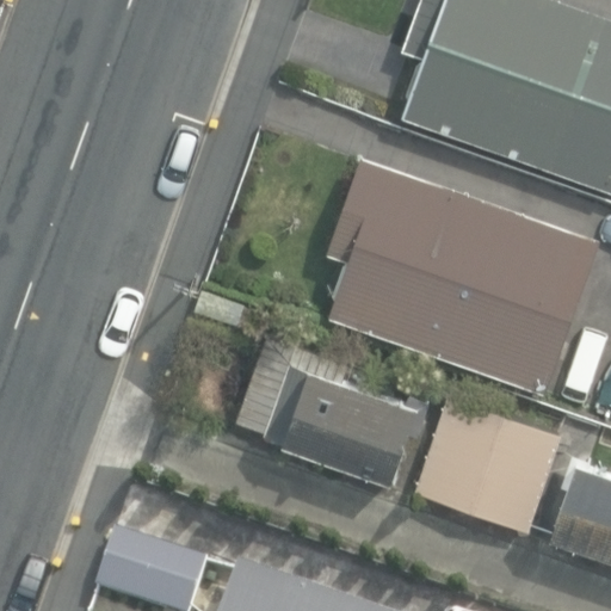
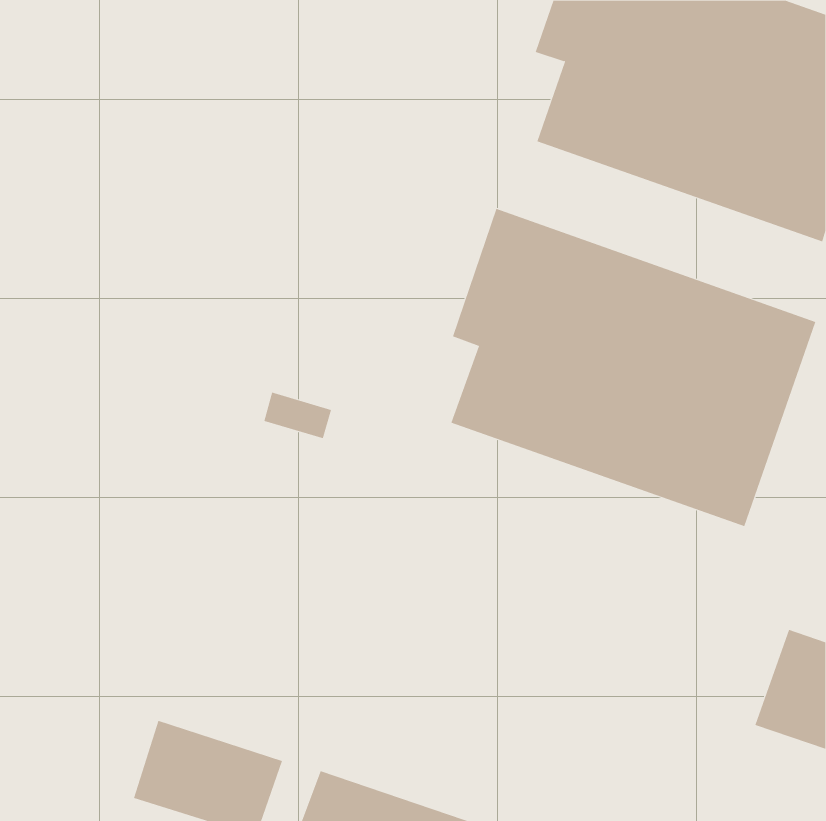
building: [237,338,560,532] -> none

